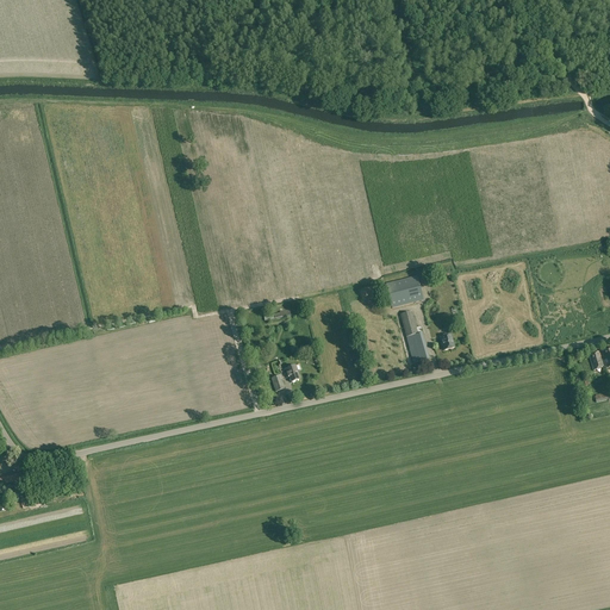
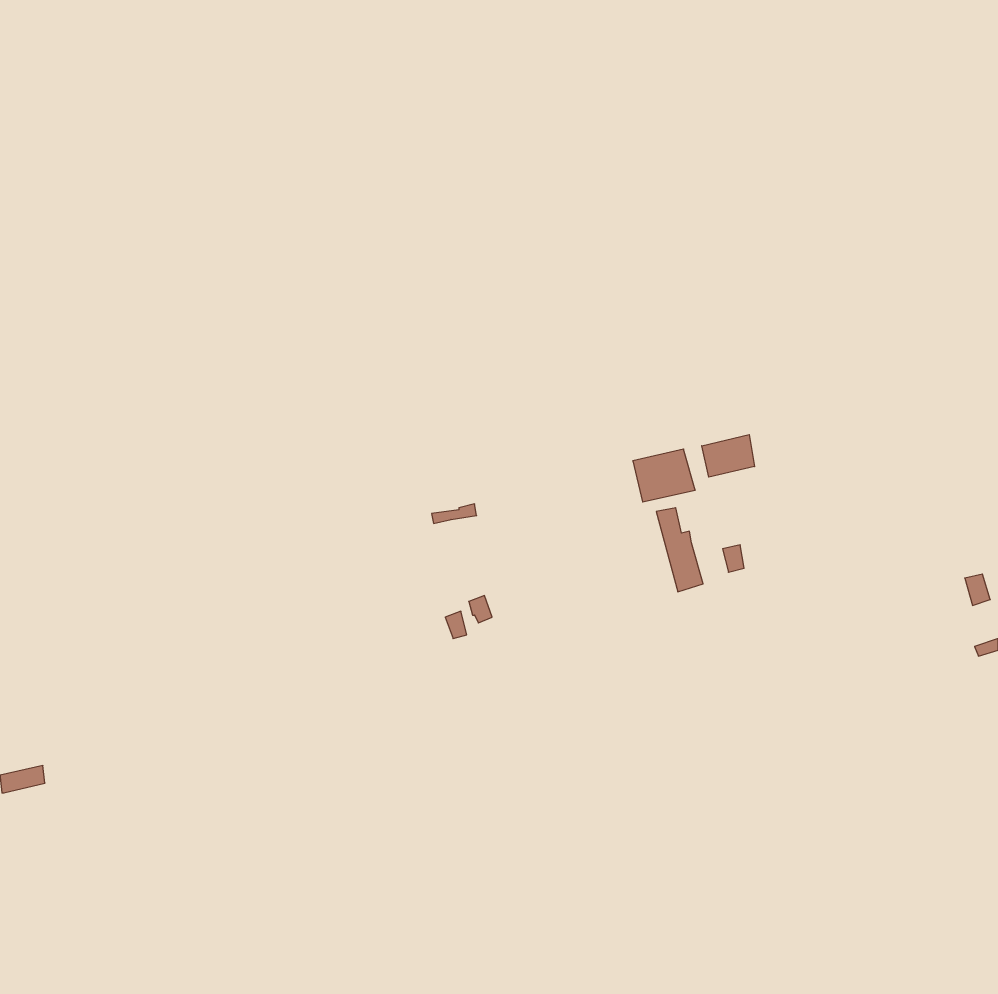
building: none -> [702,435,755,477]

